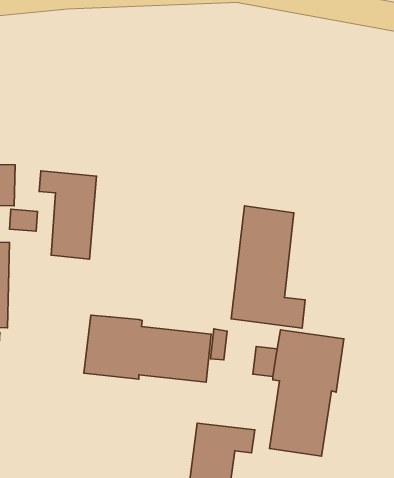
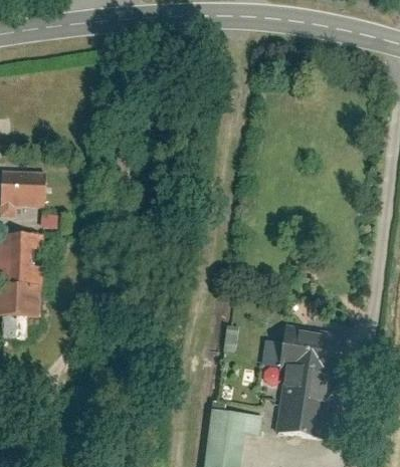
building: [39,171,97,259] -> none
building: [231,206,305,328] -> none
building: [84,315,211,382] -> none

